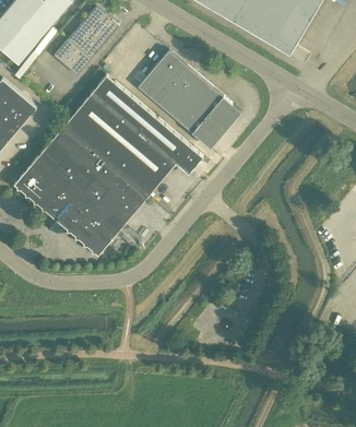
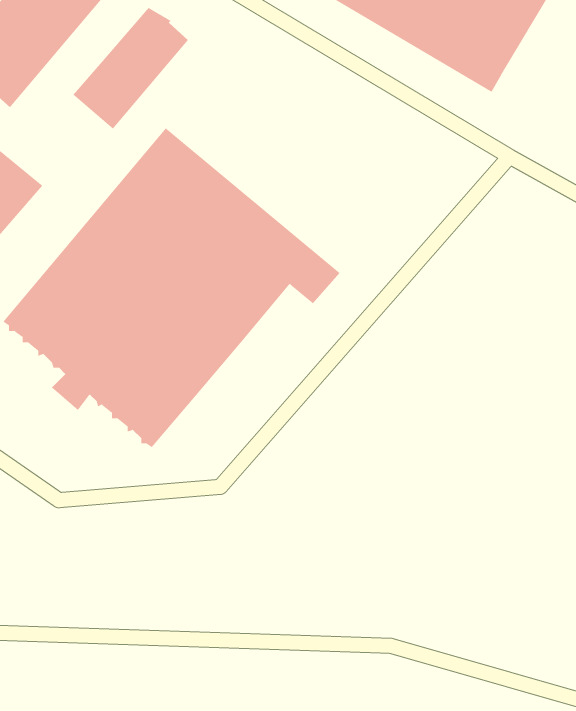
building: [138,50,241,149] -> none

